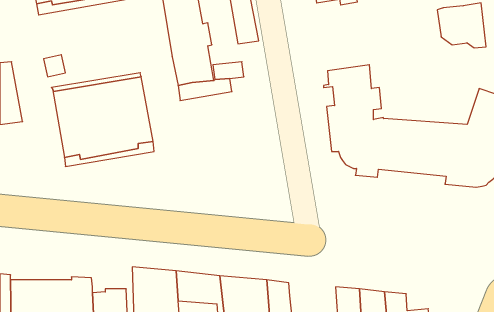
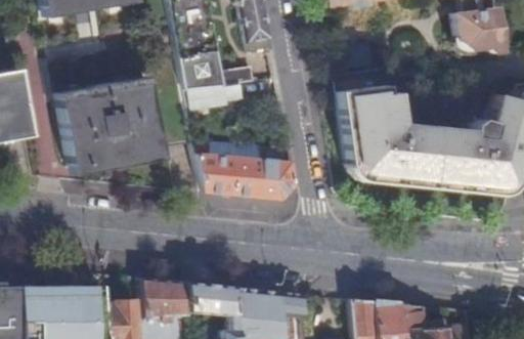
building: none -> [198,152,296,199]

